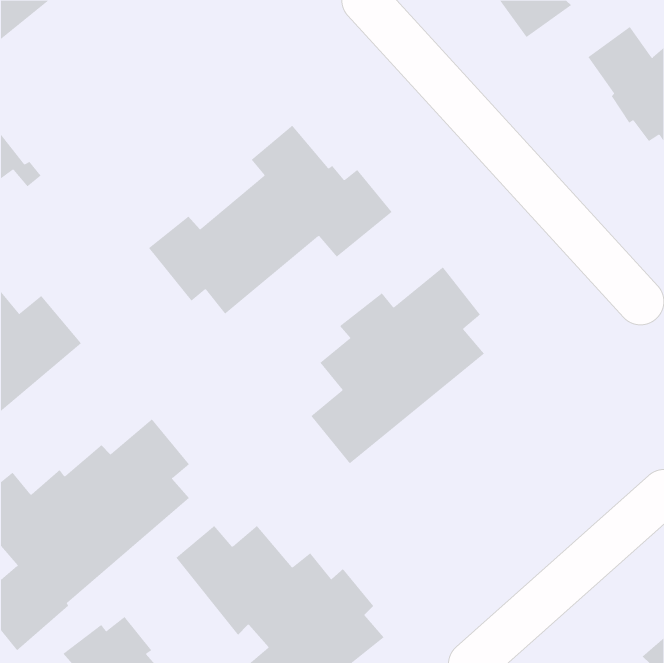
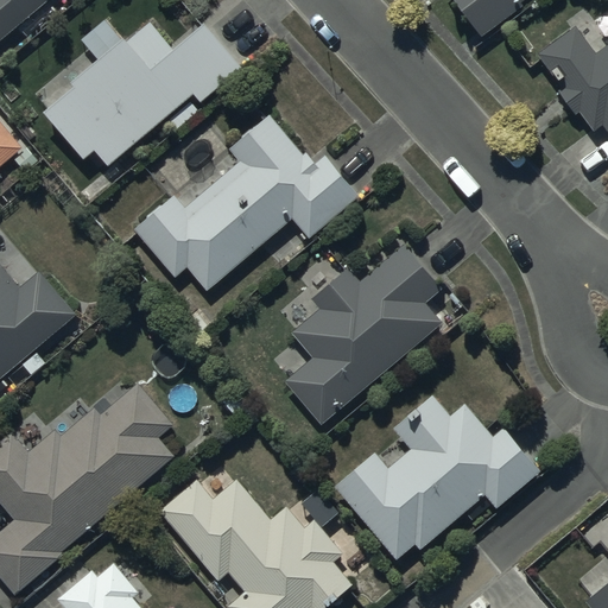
building: none -> [43,25,240,166]
building: none -> [335,394,539,560]

